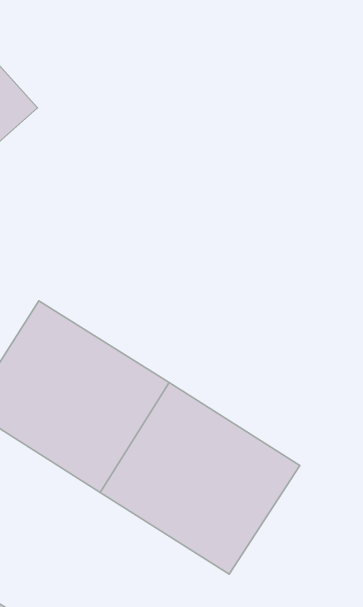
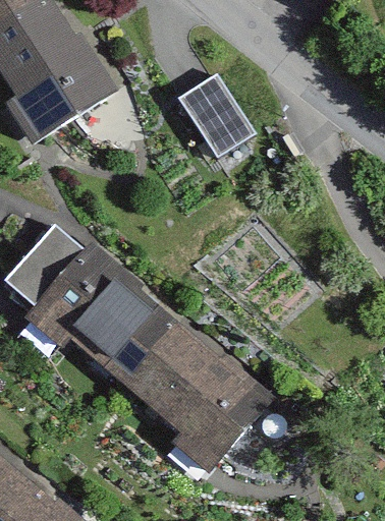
building: none -> [181,72,256,156]

